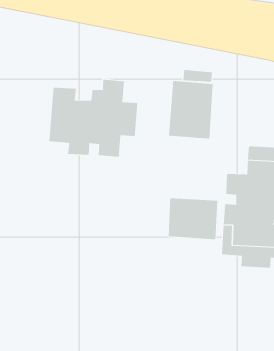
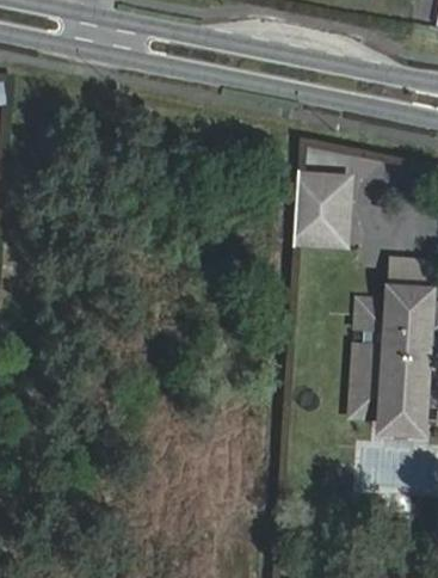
building: [49,79,138,158] -> none
building: [168,198,218,240] -> none

